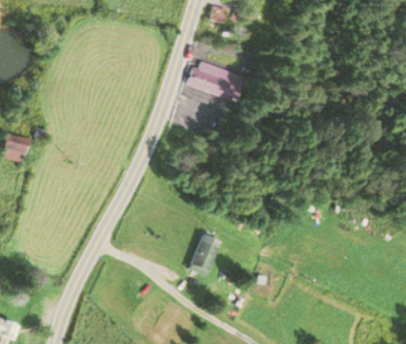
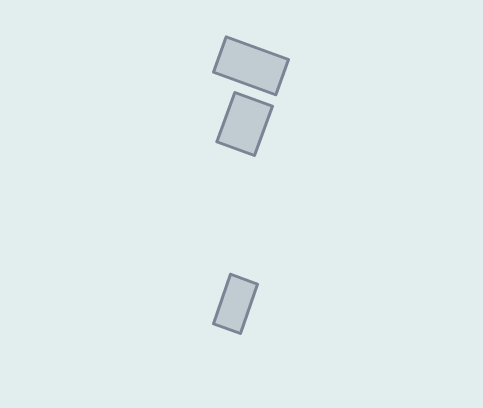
building: none -> [217,92,273,156]

